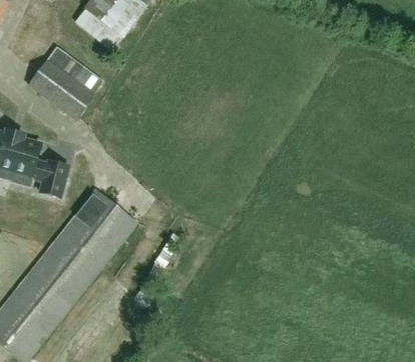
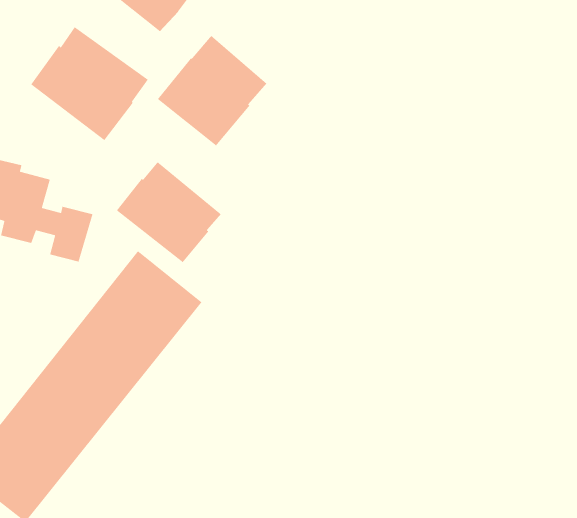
building: none -> [157,35,267,147]
building: none -> [116,161,222,263]

